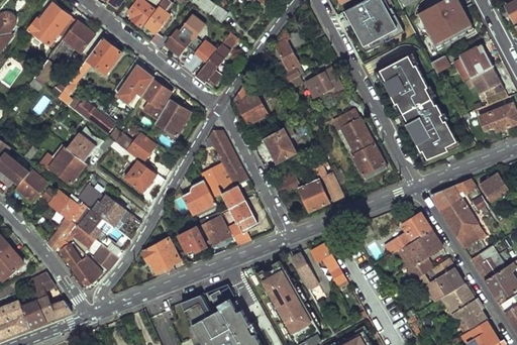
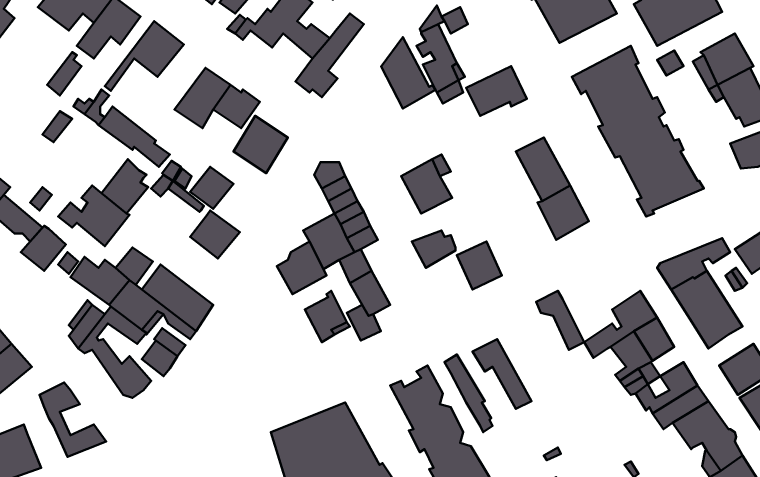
building: [234,78,270,124] -> [381,37,435,108]
building: [313,161,344,200] -> [536,291,584,350]
building: [179,225,207,251] -> none
building: [143,237,180,271] -> none
building: [20,300,46,327] -> none

